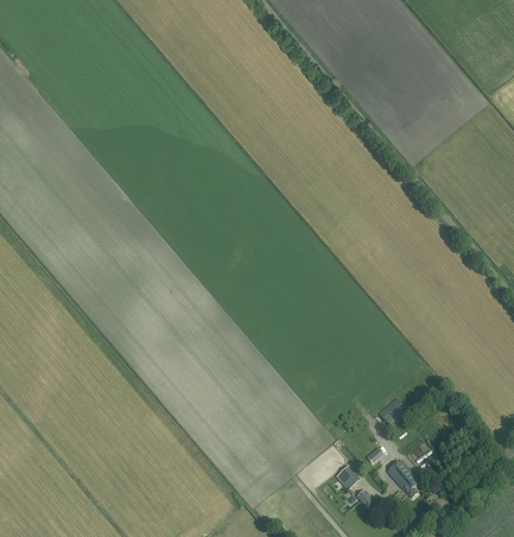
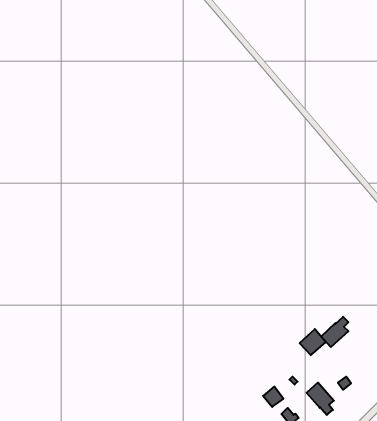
building: none -> [321,317,348,347]

